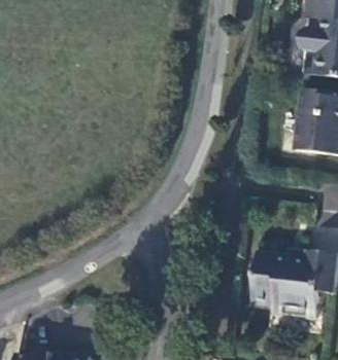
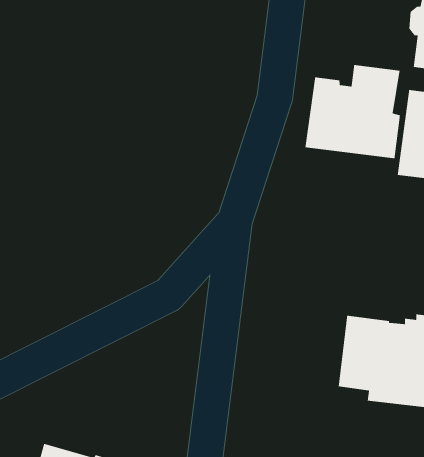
building: none -> [305,64,401,159]

